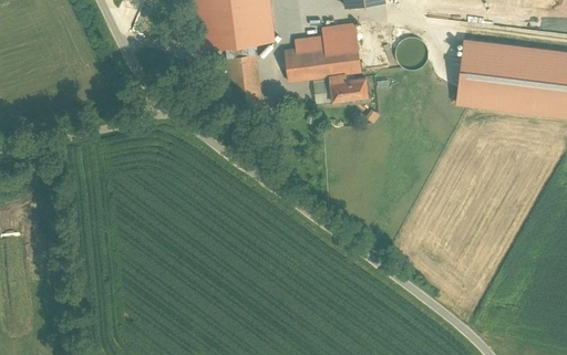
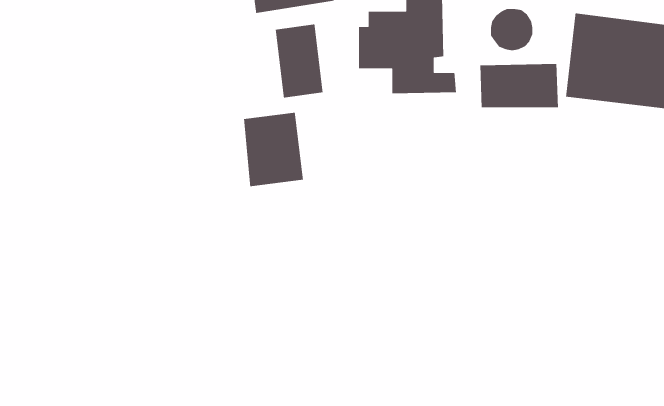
building: none -> [480,63,559,108]
building: none -> [243,112,304,187]

